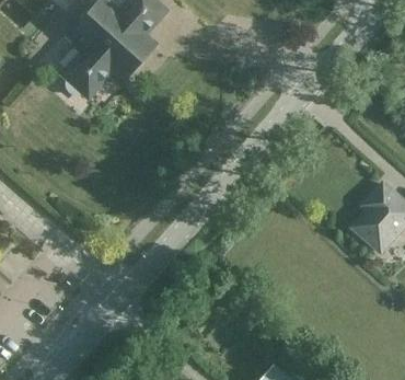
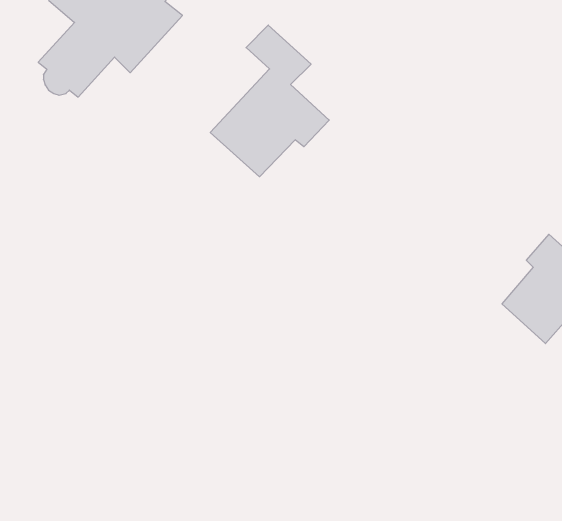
building: none -> [210,25,329,177]

